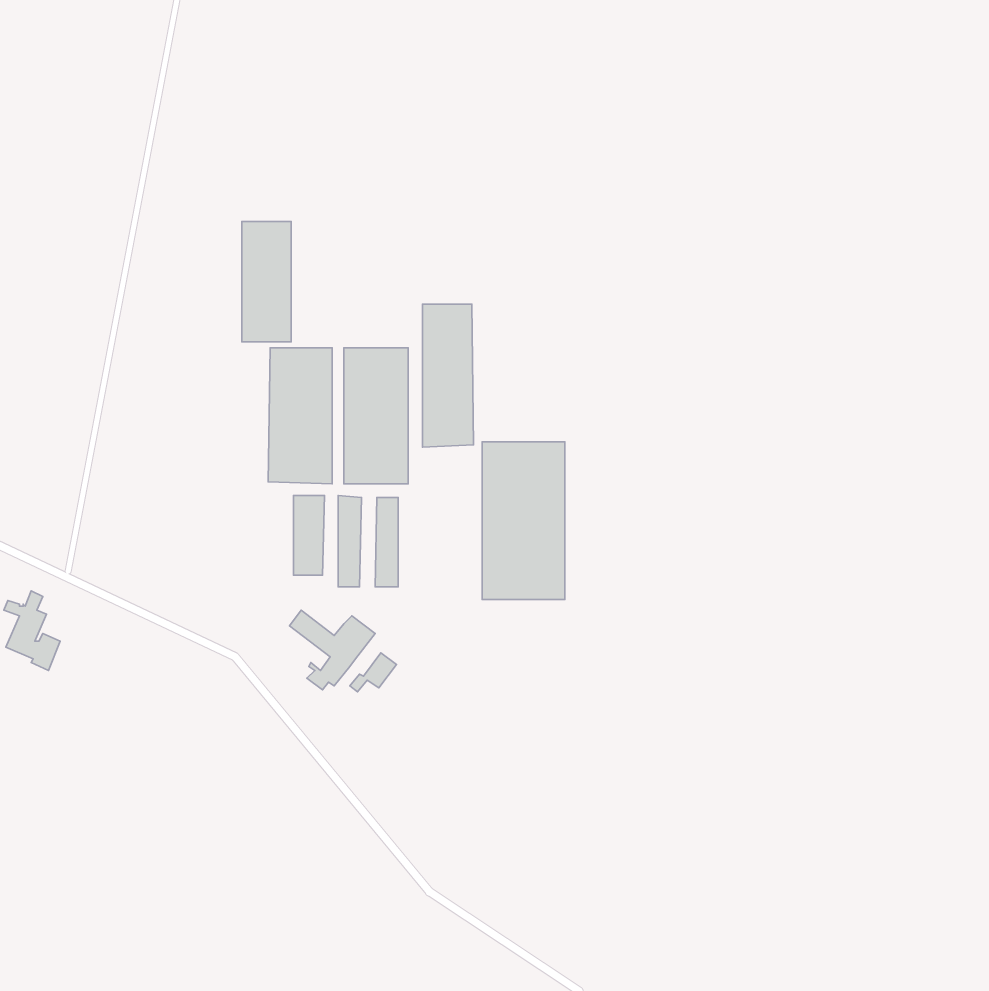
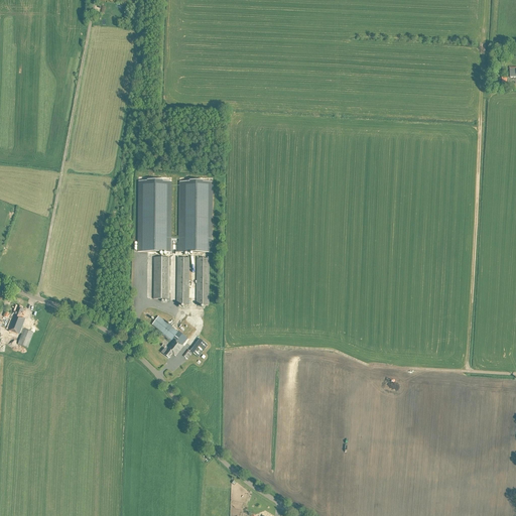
building: [242,221,291,342] -> none
building: [422,304,473,447] -> none
building: [482,442,565,600] -> none

